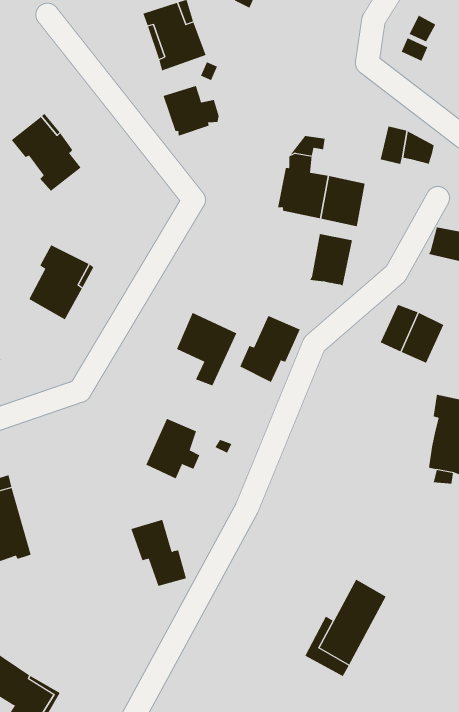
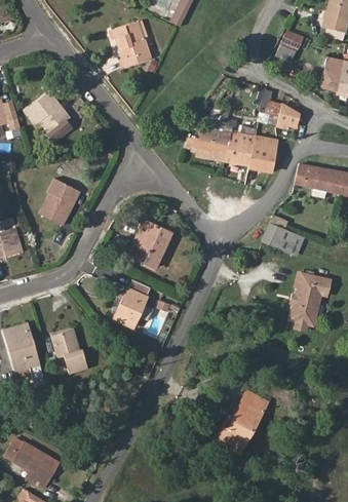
building: [163,85,219,136] -> none
building: [309,234,353,287] -> [247,138,275,171]
building: [239,315,301,383] -> none
building: [131,519,187,587] -> [50,329,86,372]

